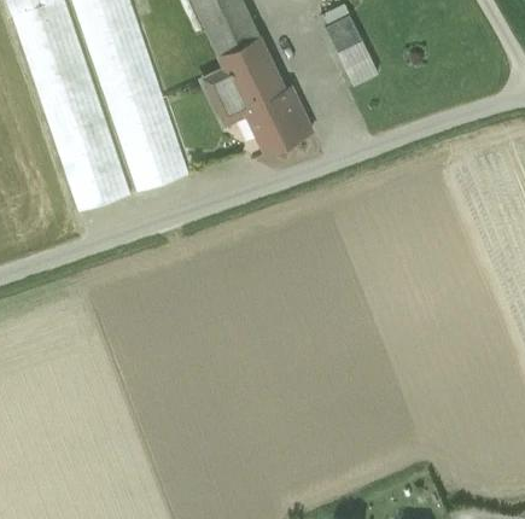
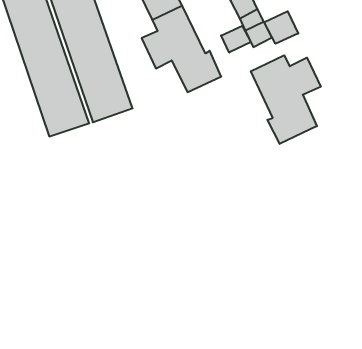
building: none -> [264,11,298,44]
building: none -> [221,26,251,53]
building: none -> [251,55,321,144]

